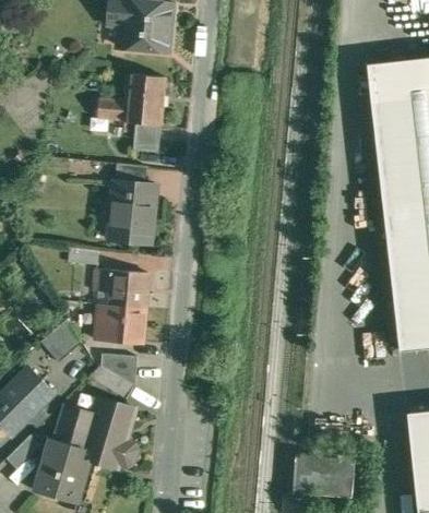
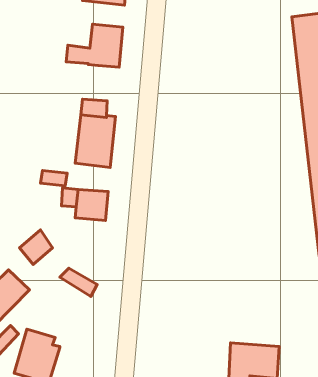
building: [133,123,162,153] -> none
building: [95,305,145,343] -> none
building: [100,353,138,385] -> none
building: [56,387,135,468] -> none

